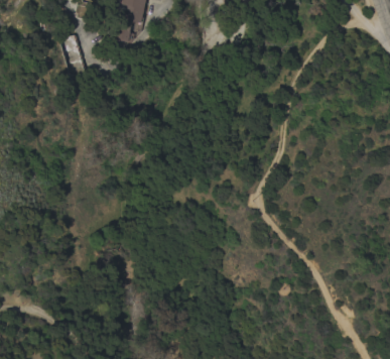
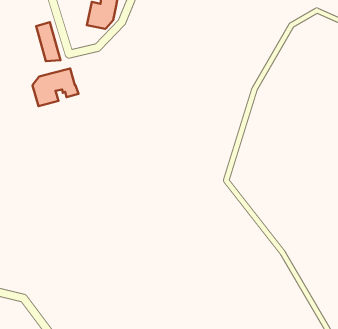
building: none -> [32,69,78,106]

